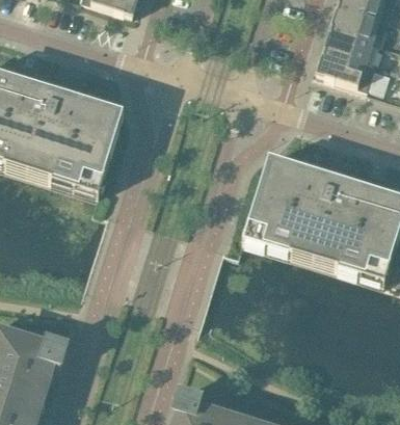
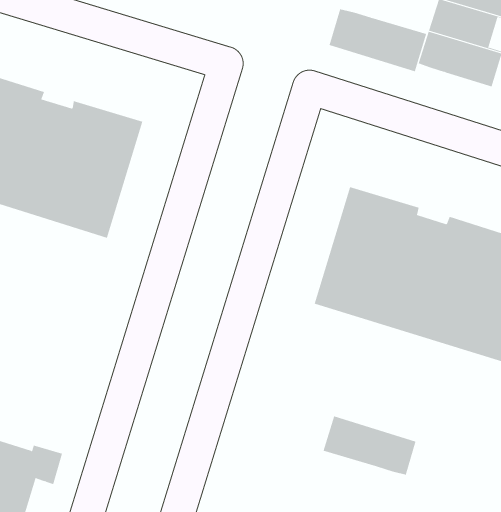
building: none -> [329,8,427,72]
building: none -> [323,415,416,475]

